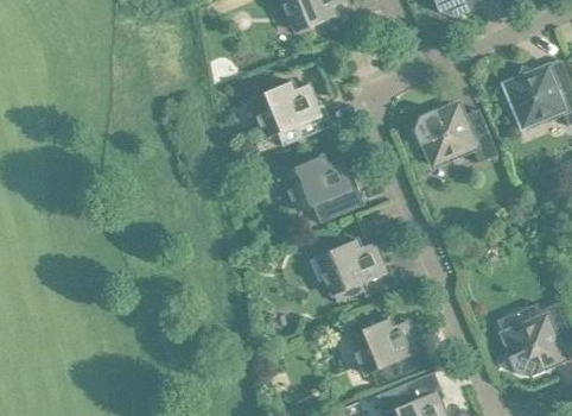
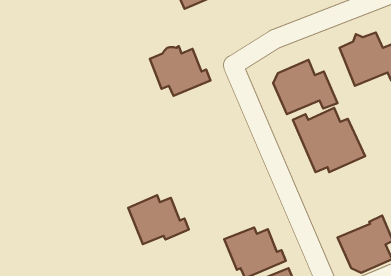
building: [281,153,364,221] -> none
building: none -> [293,108,365,172]
building: [317,237,396,301] -> [128,195,189,244]

